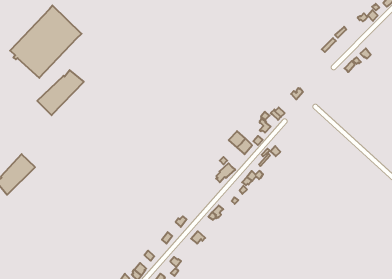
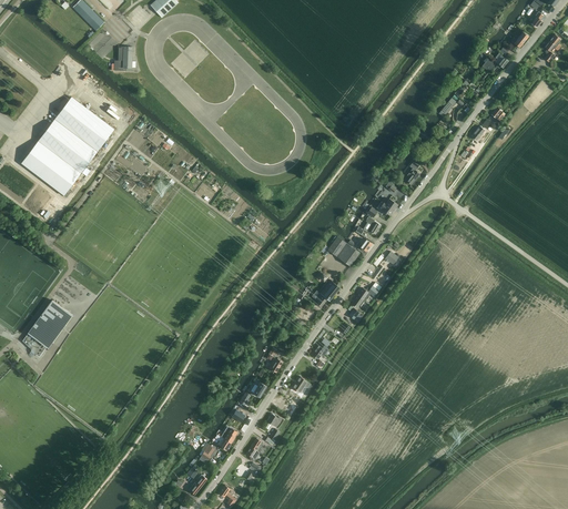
building: [37,70,84,115] -> none

